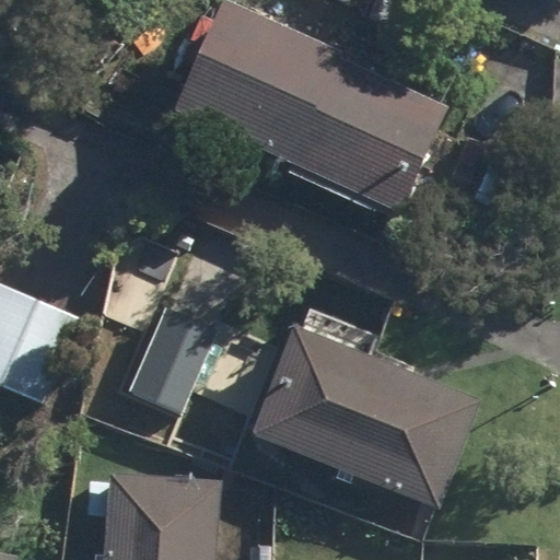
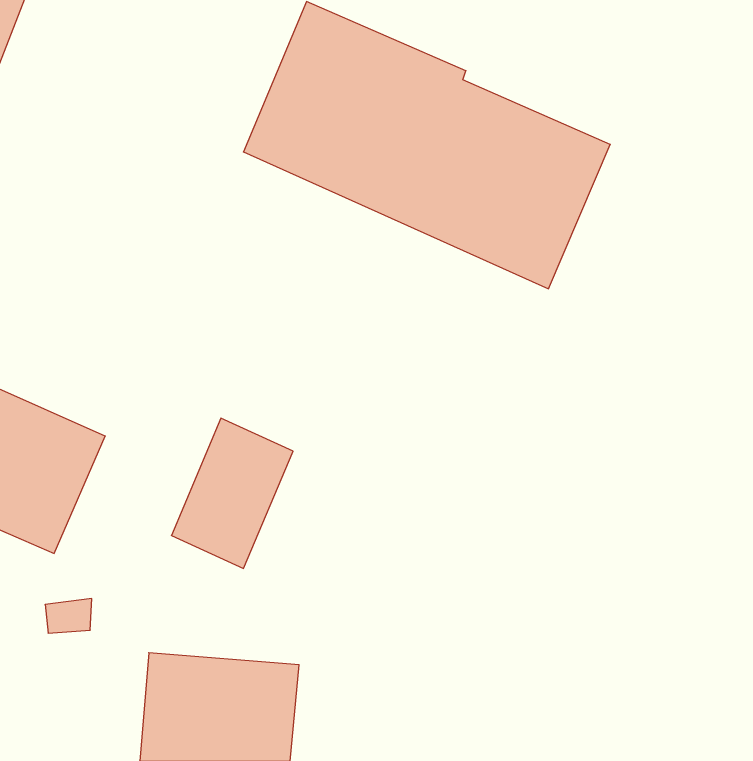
building: [254,328,478,506] -> none

